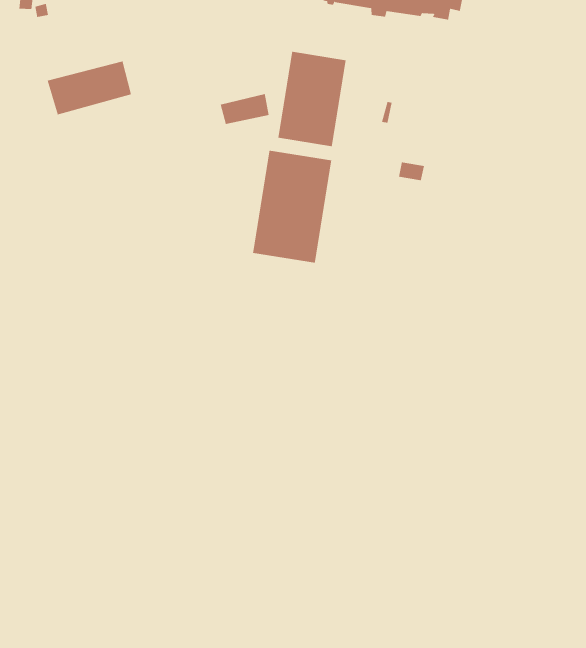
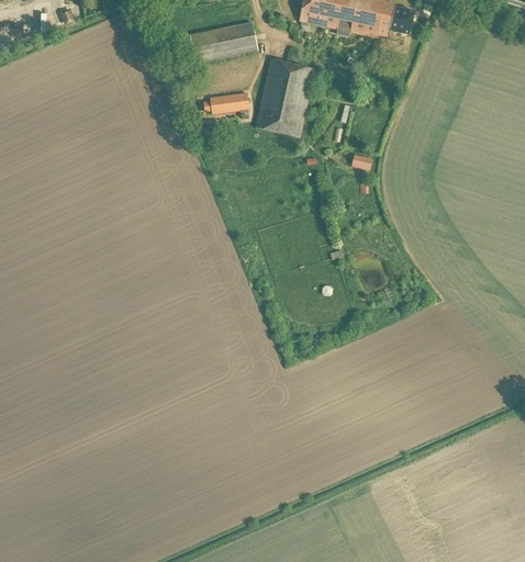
building: [47,61,132,115] -> [189,22,257,63]
building: [252,150,332,264] -> none

